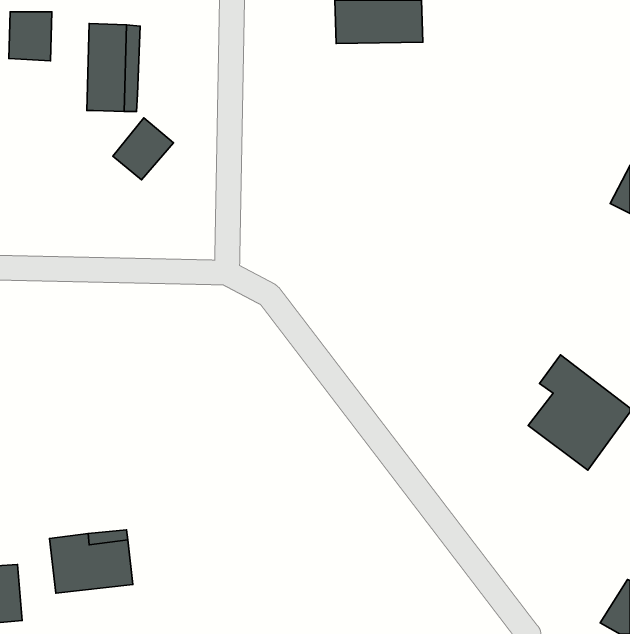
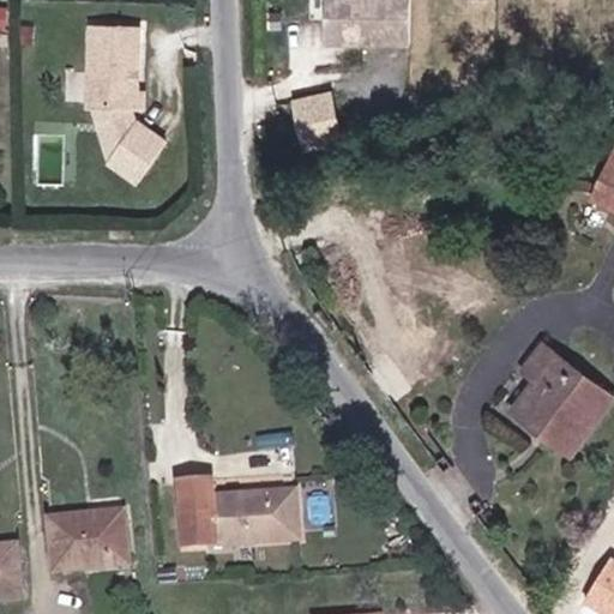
building: [9,12,52,61] -> none
building: none -> [293,94,338,148]
building: none -> [90,107,139,151]
building: none -> [177,482,299,546]

